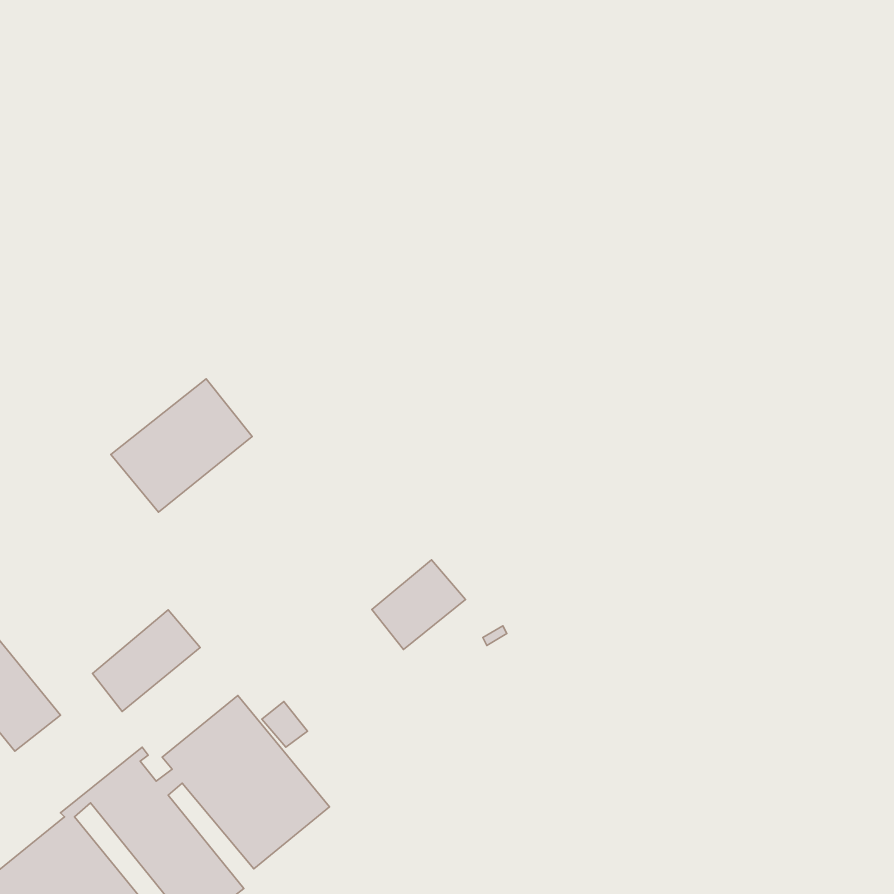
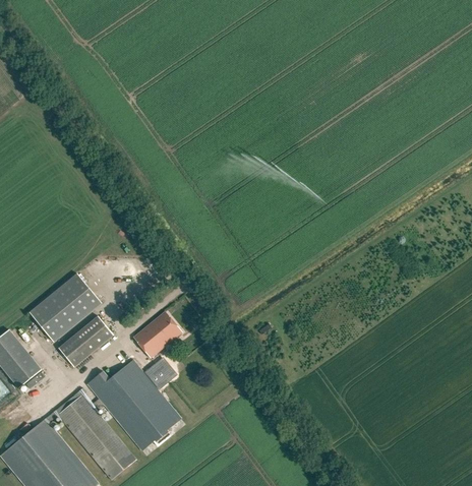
building: [111,379,252,512] -> [28,274,101,342]
building: [372,560,465,649] -> [133,312,181,358]

